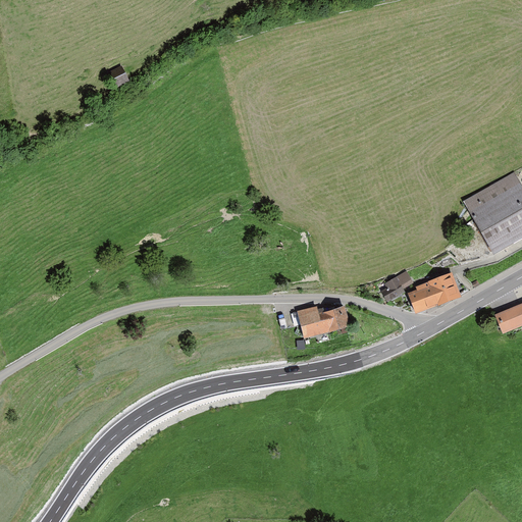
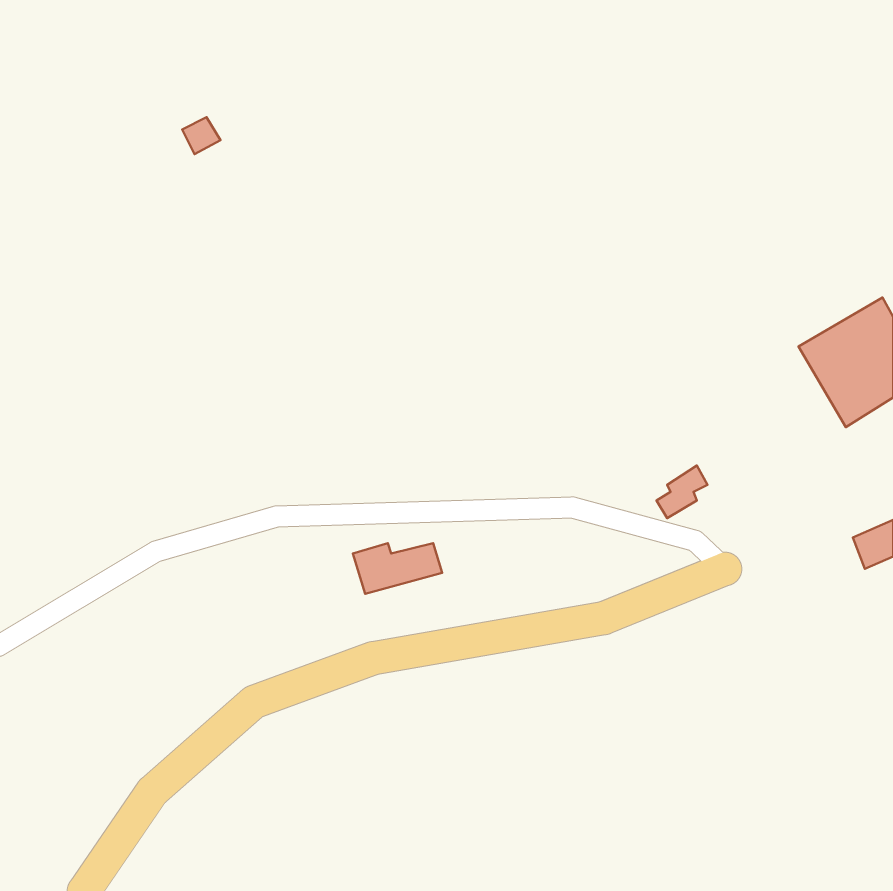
building: [410,272,459,311] -> none
building: [297,306,349,335] -> [353,543,442,594]

